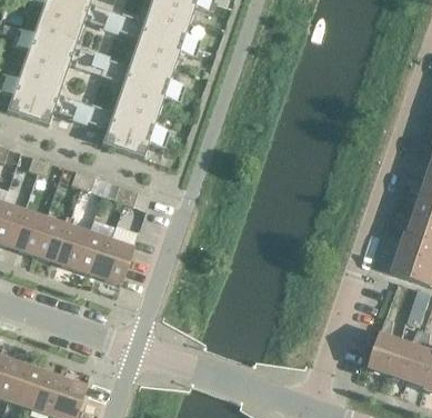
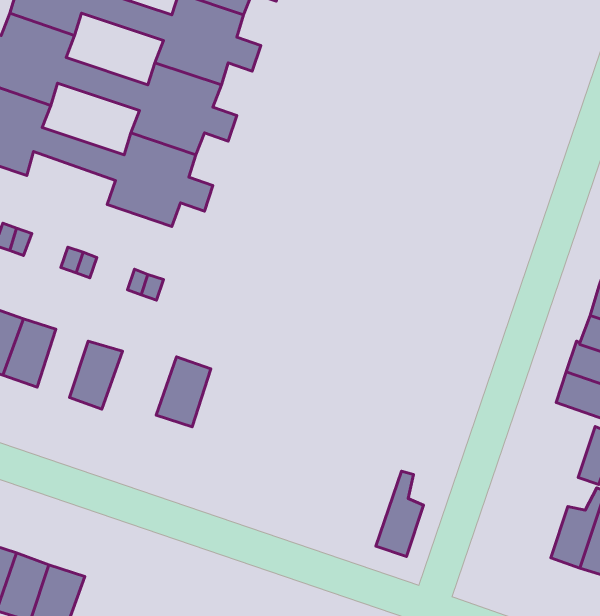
building: [54,223,88,268] -> none
building: [97,238,132,283] -> [156,357,211,427]
building: [369,317,400,372] -> [376,471,424,556]

